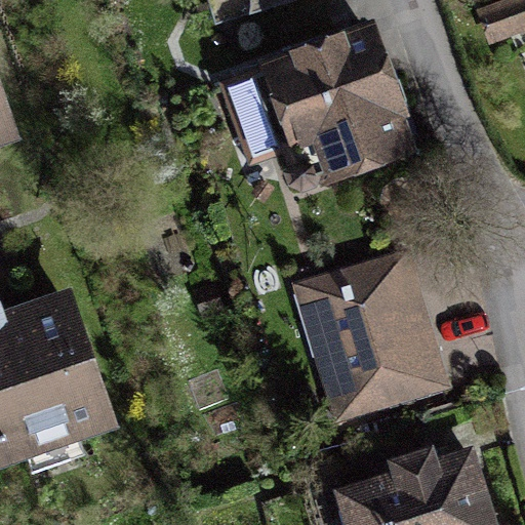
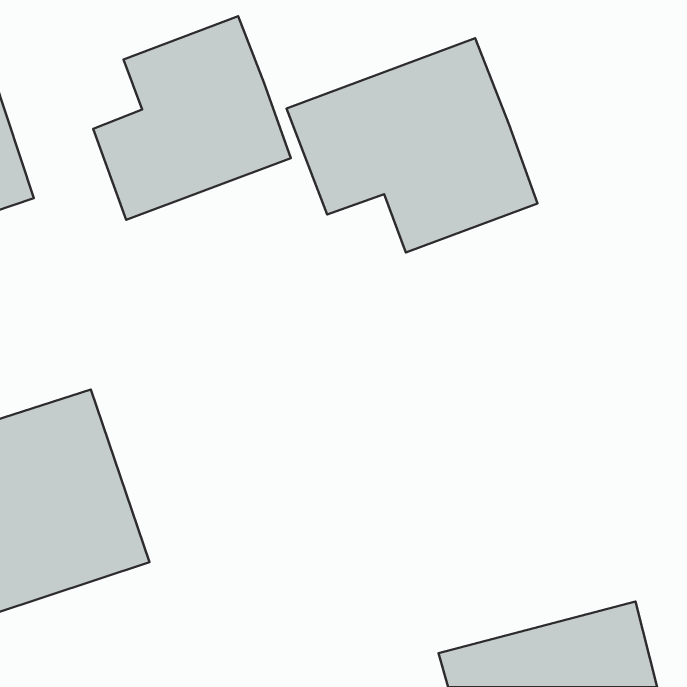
building: none -> [93,16,291,220]
building: [294,252,450,418] -> none

